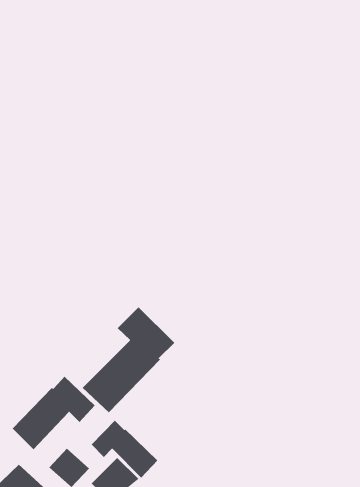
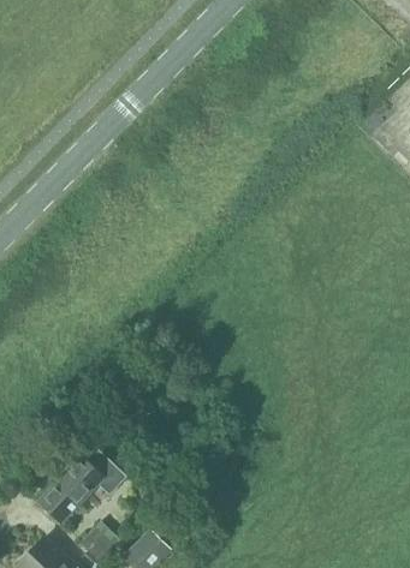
building: [82,307,175,413] -> none
building: [91,420,158,479] -> none

